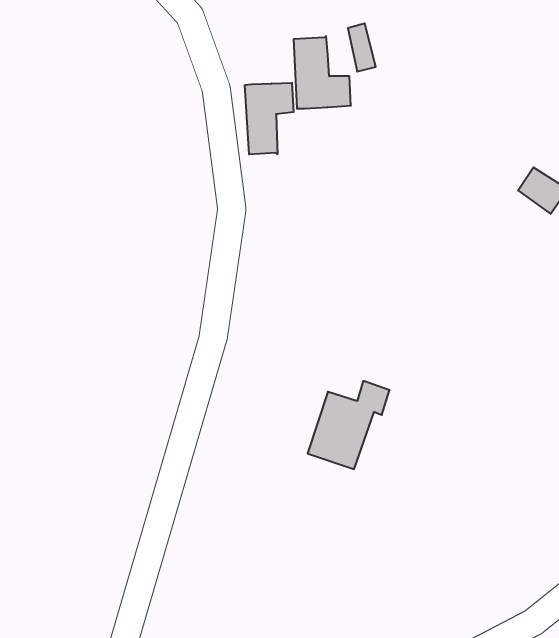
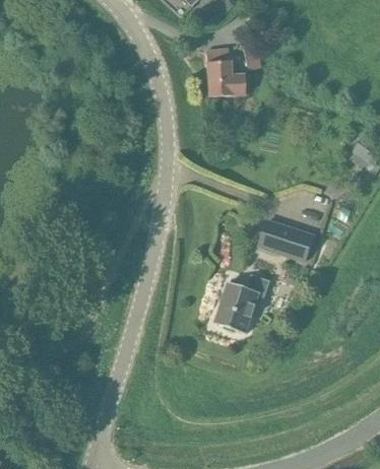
building: [245,83,294,154] -> none
building: none -> [264,220,313,261]

